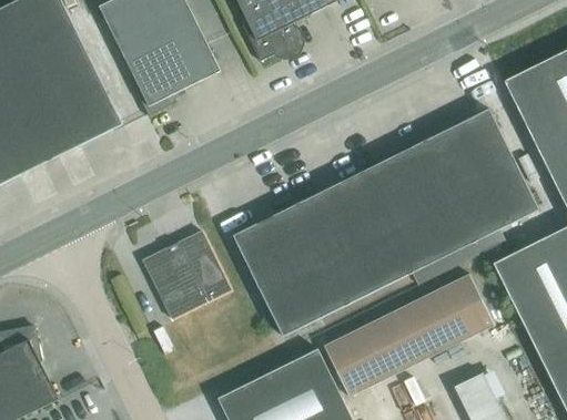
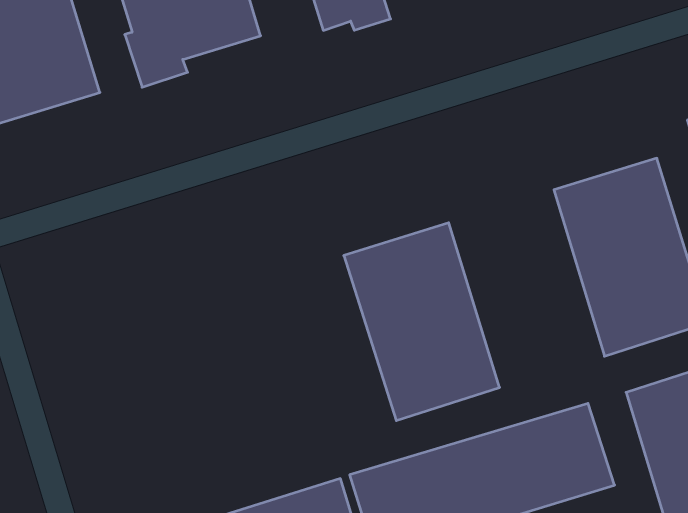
building: [362,140,476,273] -> none
building: [234,204,348,336] -> none
building: [142,229,232,319] -> none

